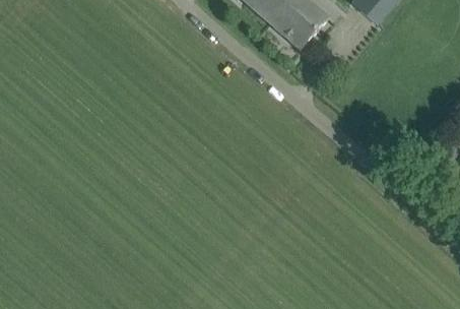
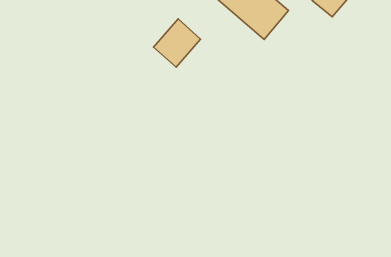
building: none -> [154,19,201,67]

